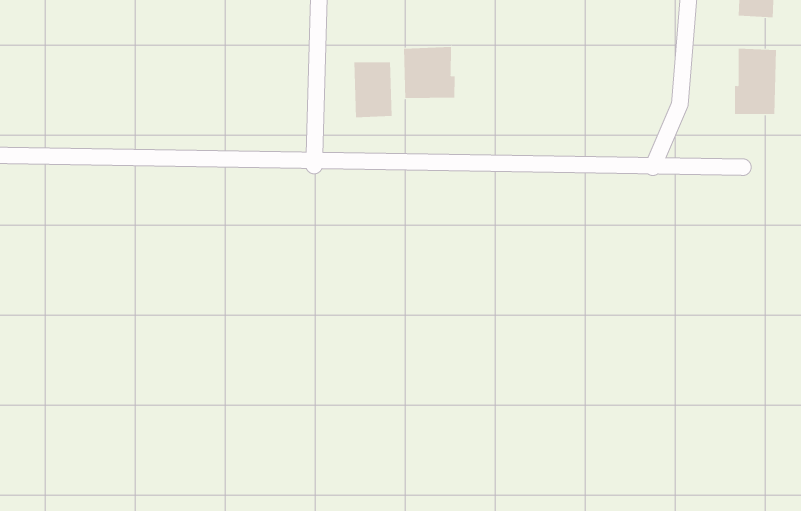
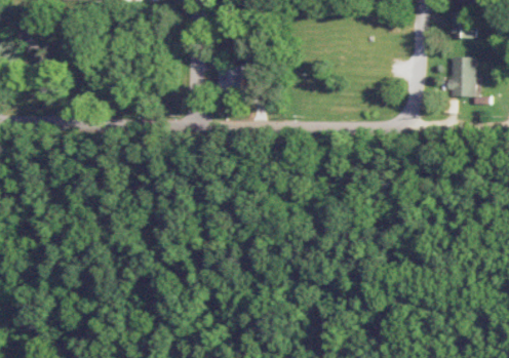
building: [403,46,455,99] -> none

